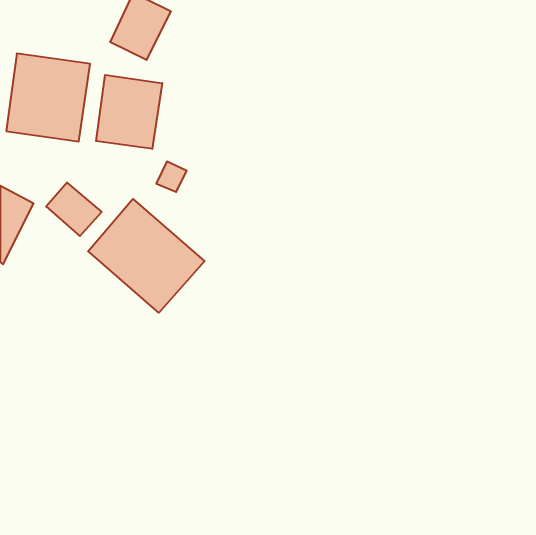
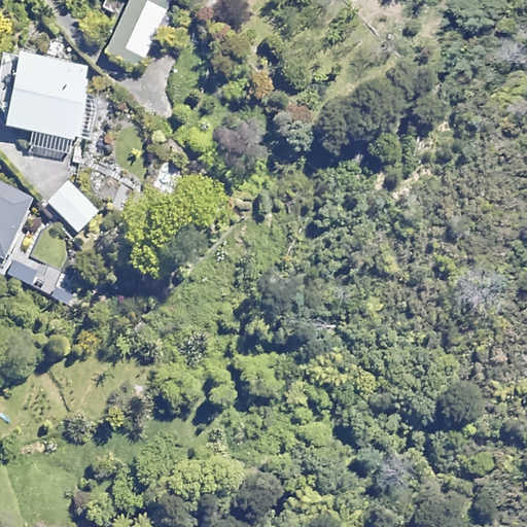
building: [96,75,162,149] -> none
building: [88,199,205,313] -> none

